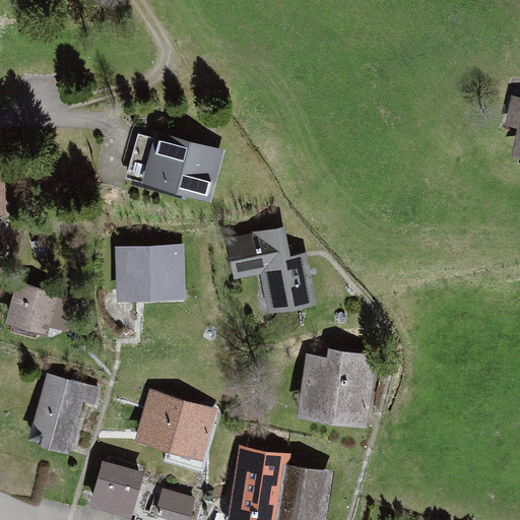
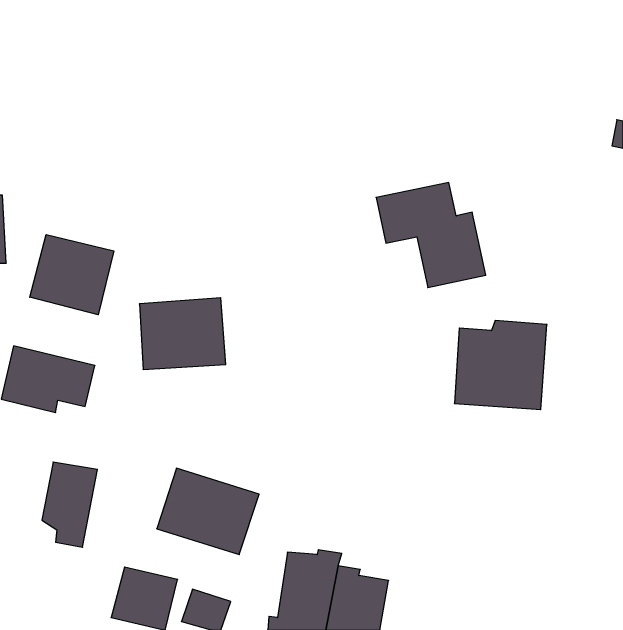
building: [142,138,226,201] -> none
building: none -> [30,235,114,315]
building: [229,230,319,316] -> [376,183,486,288]
building: [301,348,377,421] -> [454,321,547,410]

